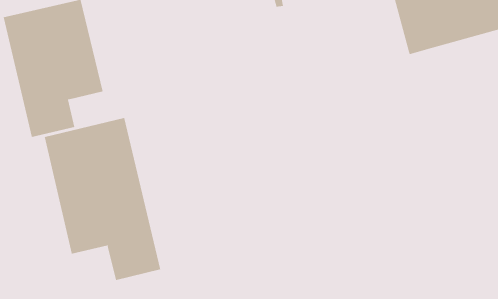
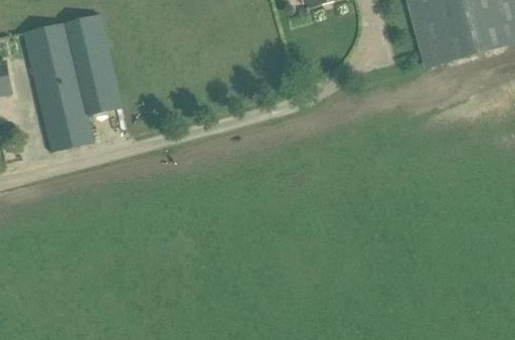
building: [44,117,161,281] -> none

